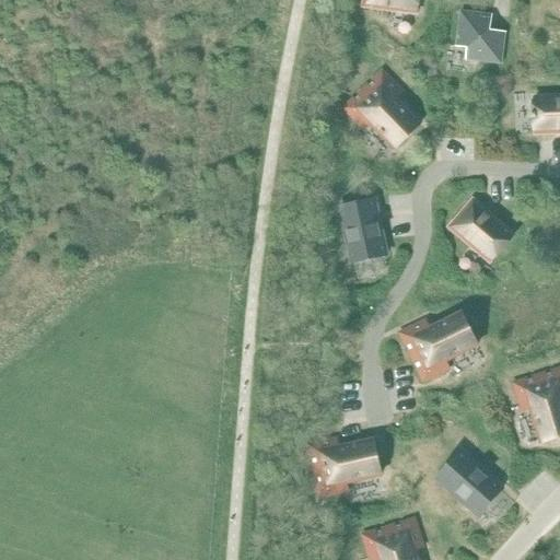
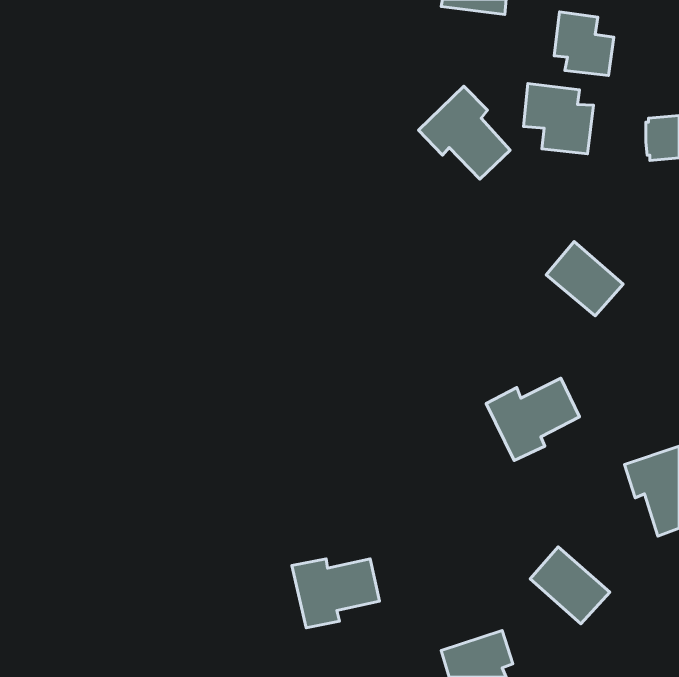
building: none -> [524,84,593,154]
building: [339,199,386,261] -> none
building: [308,439,381,495] -> [292,559,379,628]

